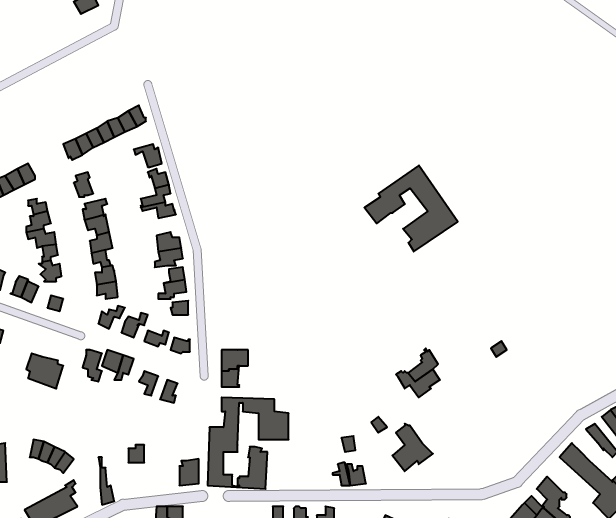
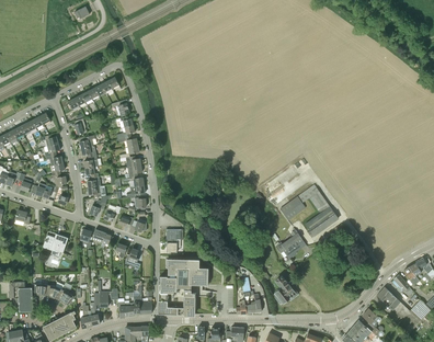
building: [364,165,458,252] -> [279,184,338,238]

